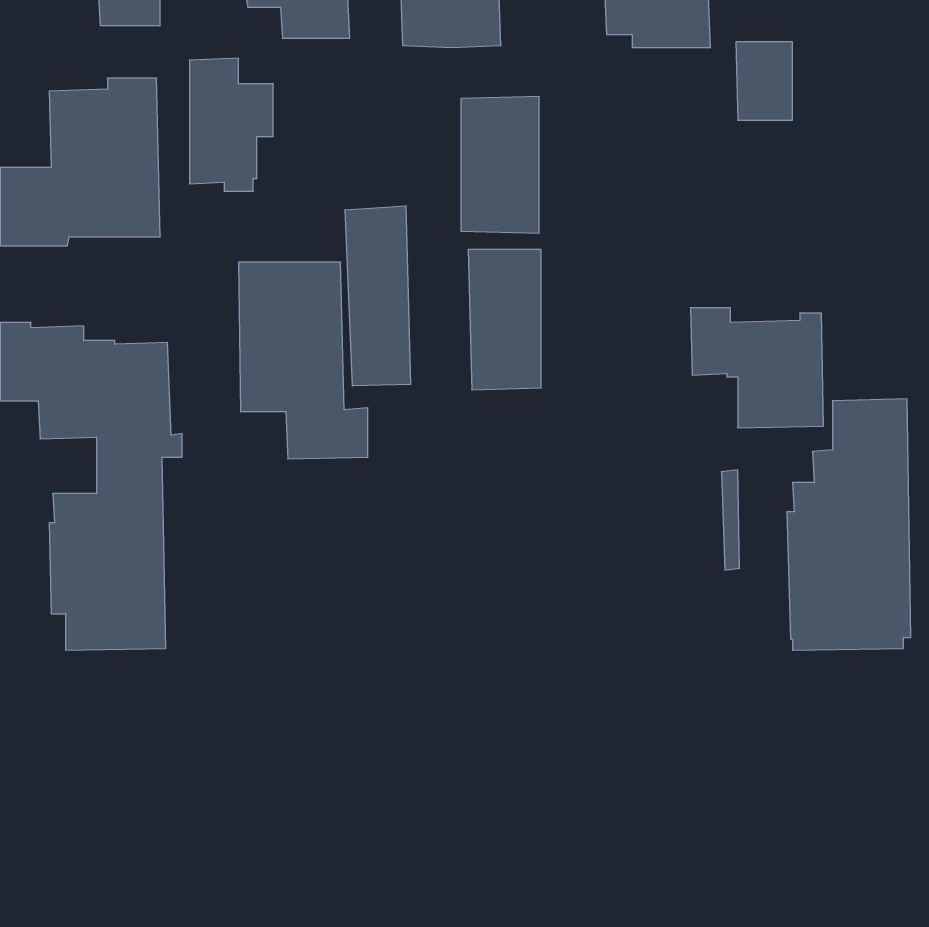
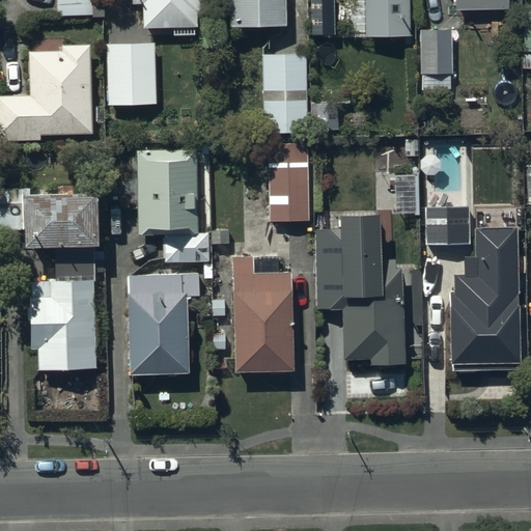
building: [345,206,411,386] -> none
building: none -> [316,217,412,366]
building: none -> [232,254,294,373]
building: none -> [128,268,200,376]

